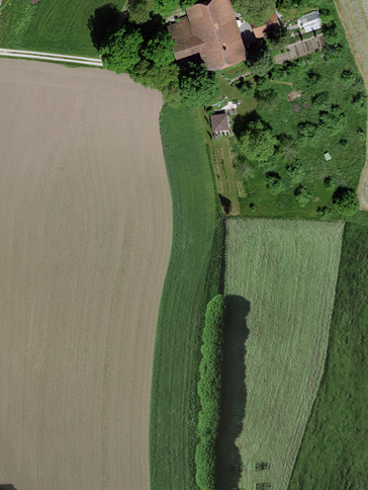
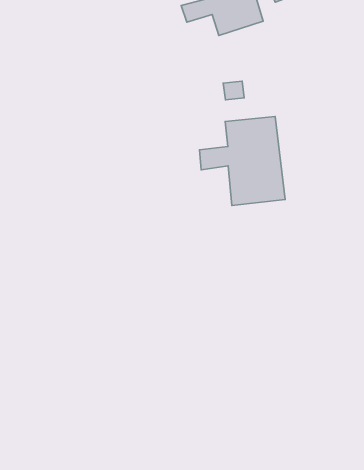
building: none -> [199,117,285,206]

